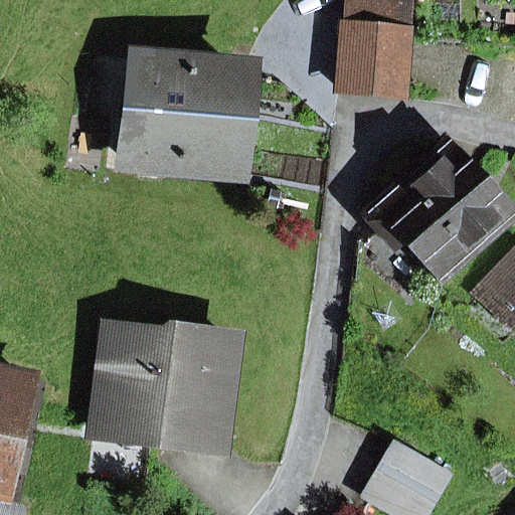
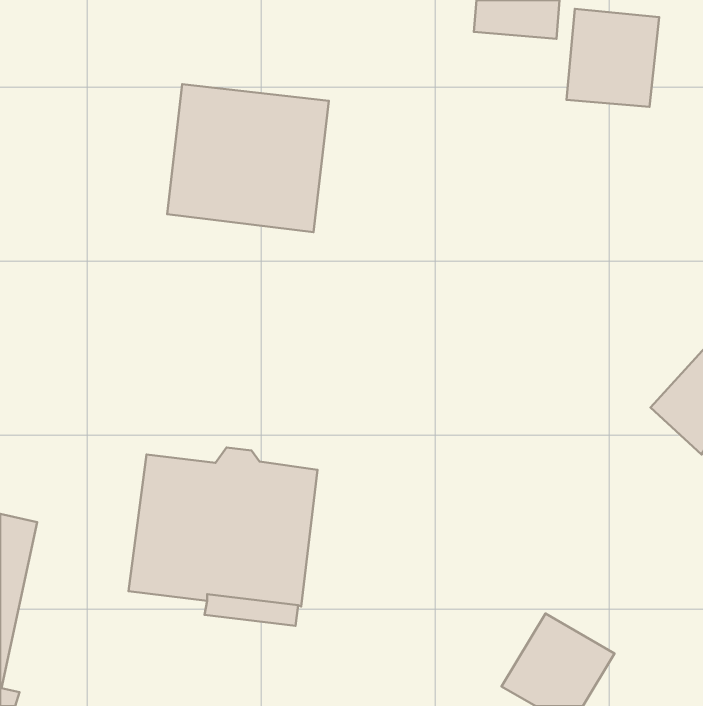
building: [341,26,408,98] -> [567,9,659,107]
building: [364,145,509,280] -> none

